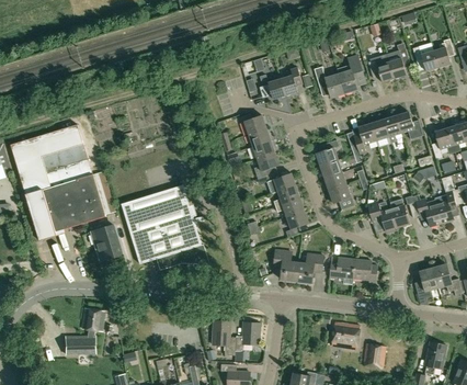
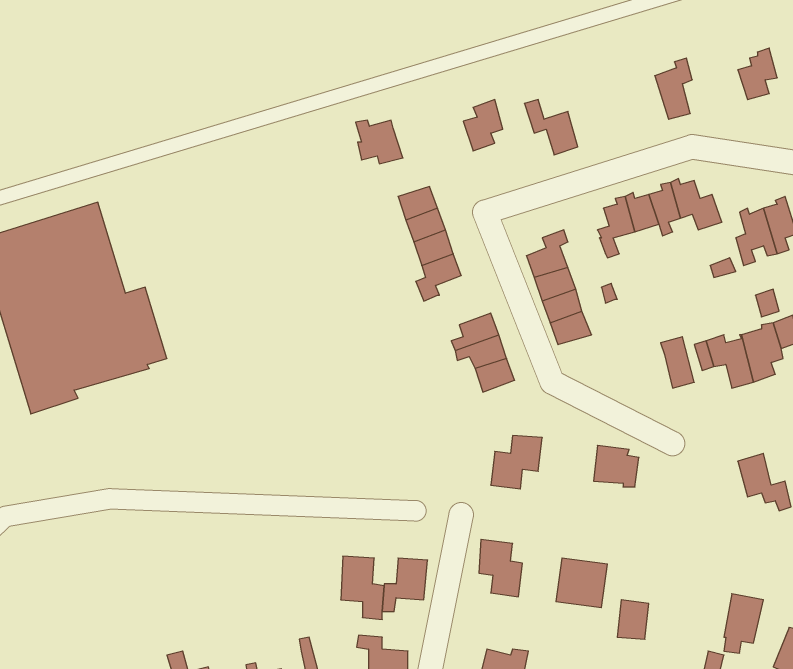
building: [412,43,437,71] -> none
building: [367,54,394,82] -> none
building: [337,56,364,93] -> none
building: [259,75,285,99] -> [356,120,403,164]
building: [265,171,295,194] -> none
building: [121,184,206,268] -> none
building: [368,203,396,233] -> none
building: [93,226,121,259] -> none
building: [273,249,297,281] -> [479,539,522,597]
building: [329,257,354,279] -> none
building: [415,268,437,305] -> none
building: [66,308,104,354] -> none

